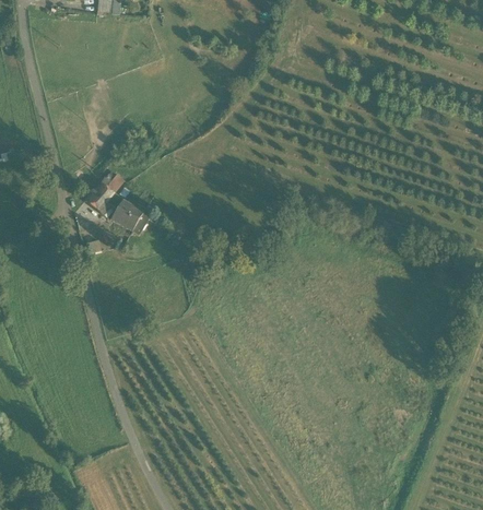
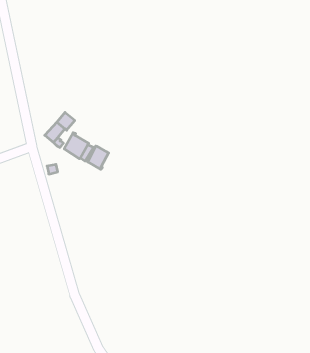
building: none -> [88,146,109,169]

